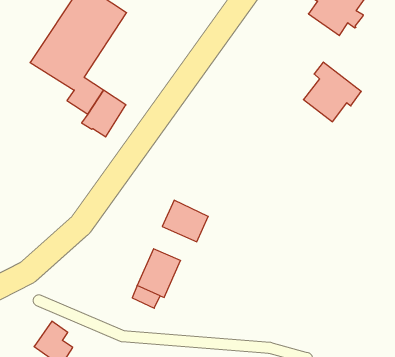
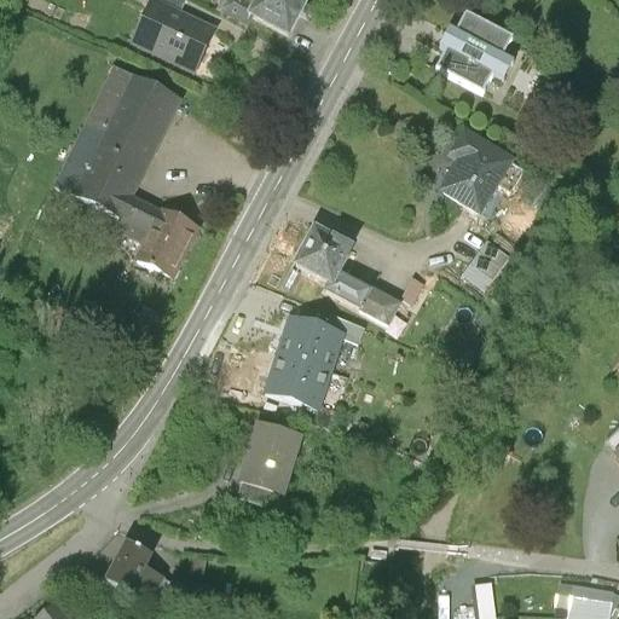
building: none -> [296,225,401,320]
building: none -> [279,313,342,368]

